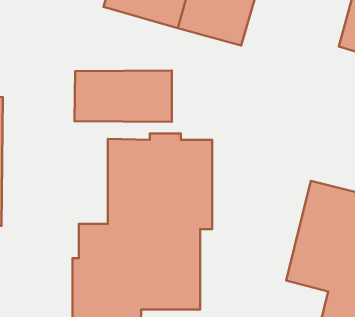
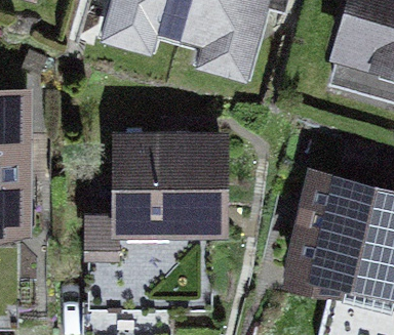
building: [75,70,172,122] -> none

